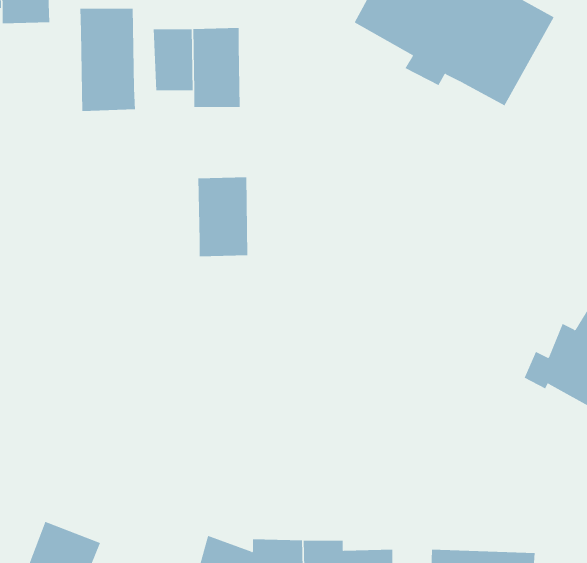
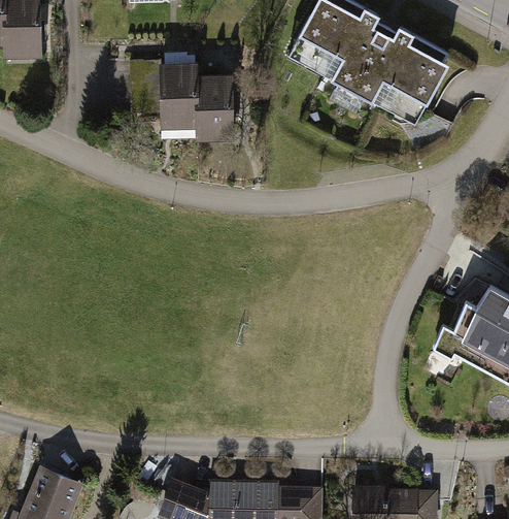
building: [80,8,135,112] -> none
building: [197,177,248,257] -> [197,76,238,141]

